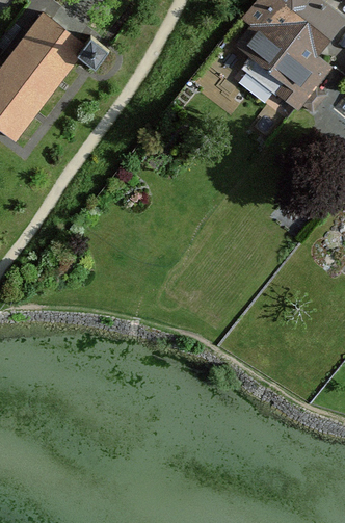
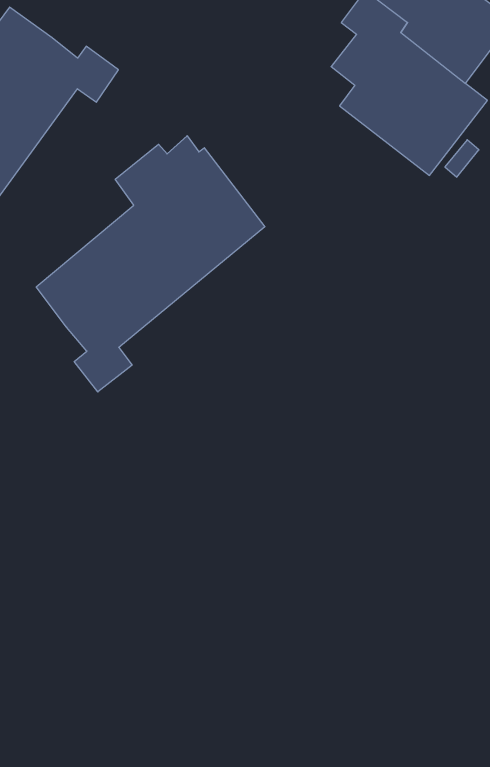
building: none -> [36,136,265,392]

